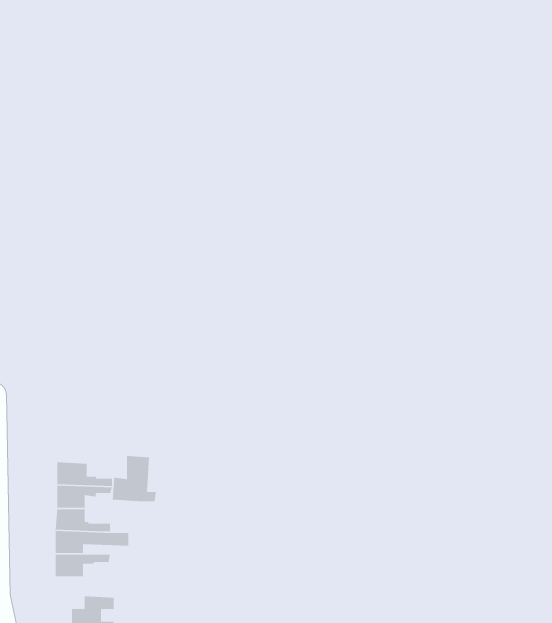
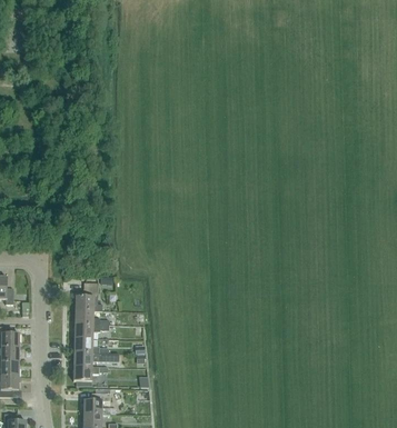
building: [112,455,157,502] -> [76,281,103,310]

